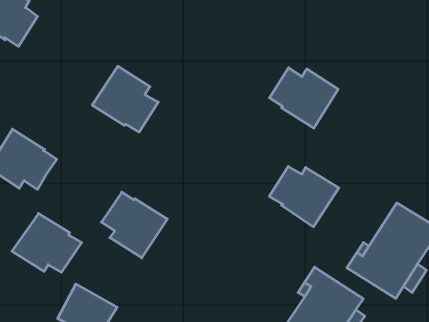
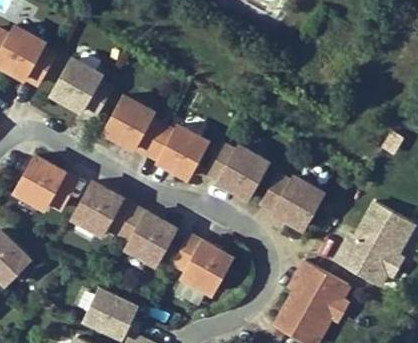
building: none -> [54,61,110,117]
building: [269,68,338,128] -> [206,146,265,197]
building: none -> [146,127,206,178]
building: [12,213,82,272] -> [74,184,134,234]
building: none -> [173,236,230,293]

